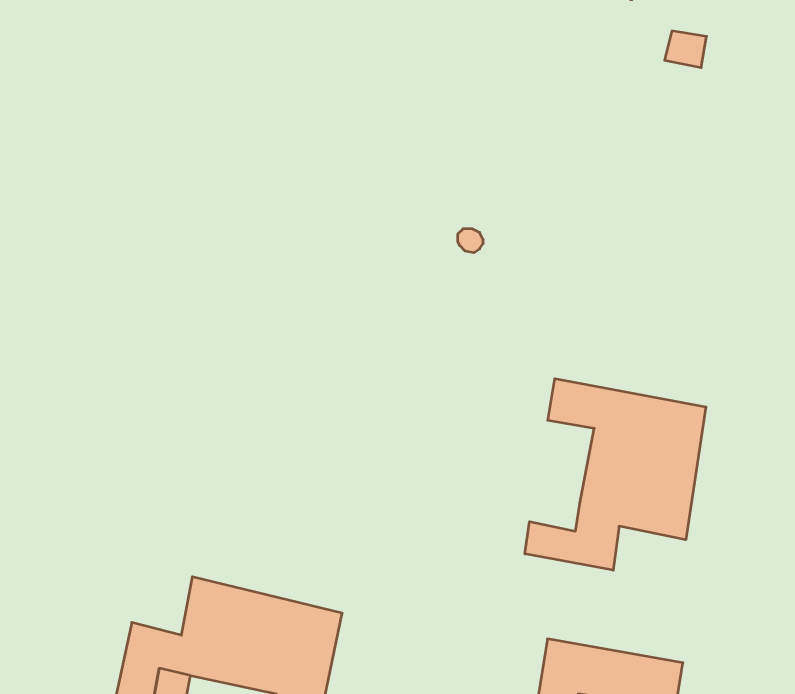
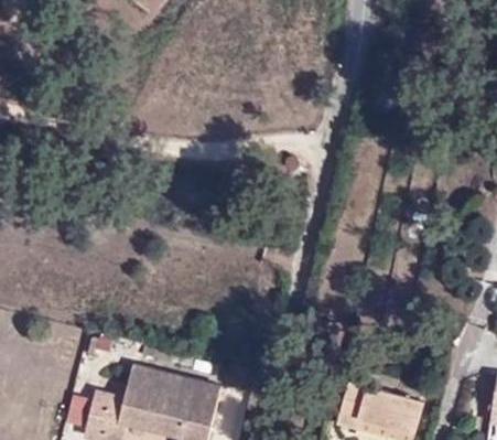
building: [525,379,706,570] -> none

